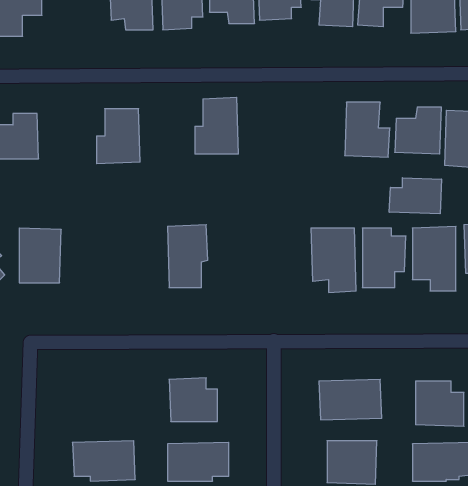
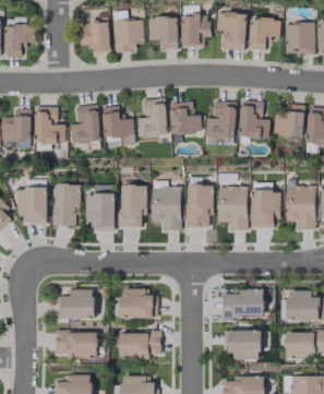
building: none -> [170,102,201,134]
building: none -> [205,102,236,139]
building: none -> [103,106,134,145]
building: none -> [35,107,65,144]
building: [389,178,441,214] -> none
building: none -> [53,184,80,226]
building: none -> [185,184,213,227]
building: none -> [85,186,113,228]
building: none -> [149,187,180,230]
building: none -> [57,289,94,319]

